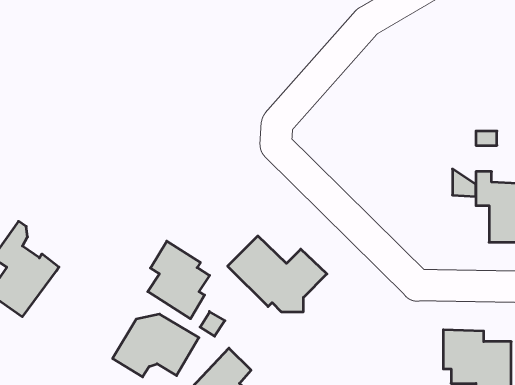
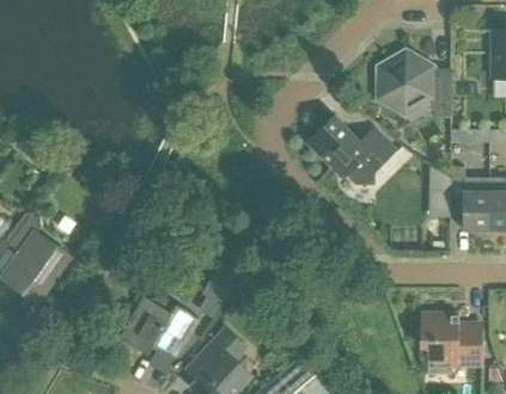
building: none -> [377,50,451,117]
building: [228,236,327,312] -> [306,116,397,185]
building: [148,241,210,319] -> none

